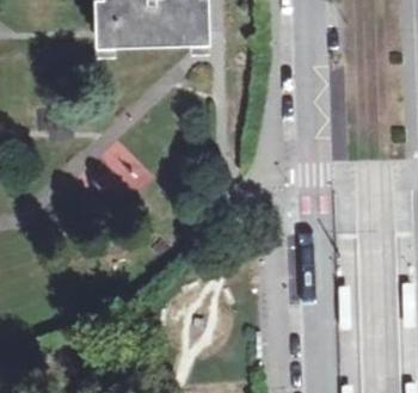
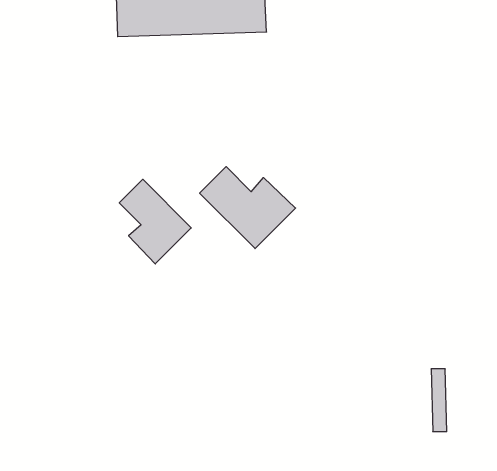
building: none -> [200,167,296,249]

